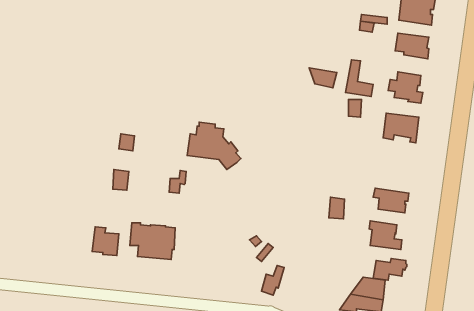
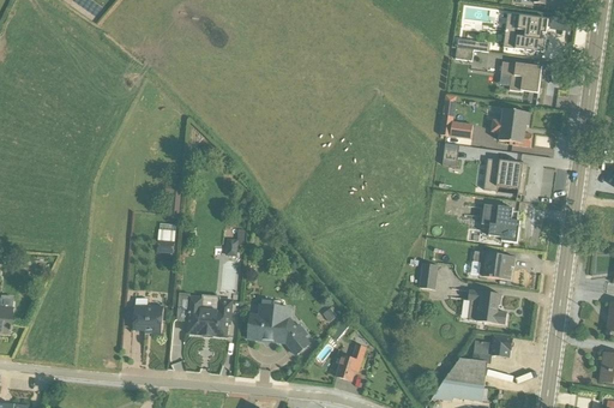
building: [309,68,337,88] -> none
building: [187,122,241,169] -> [246,298,311,355]
building: none -> [481,203,518,241]

